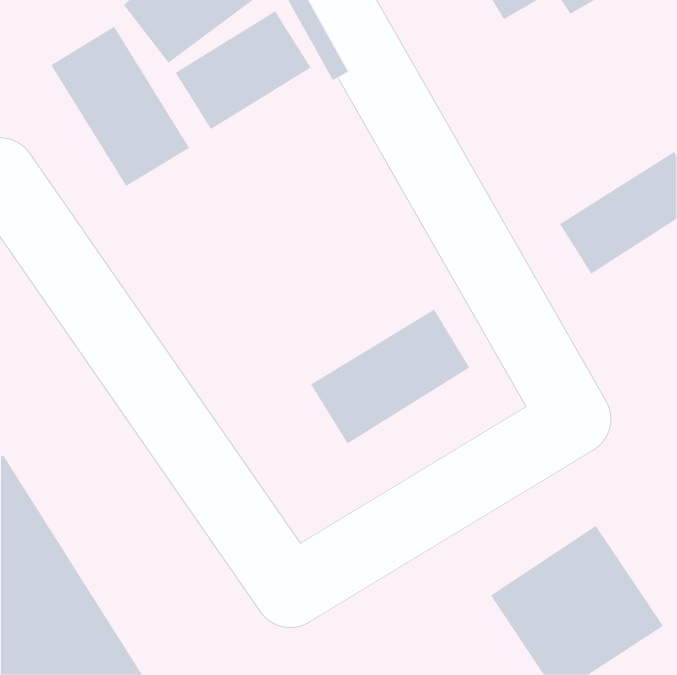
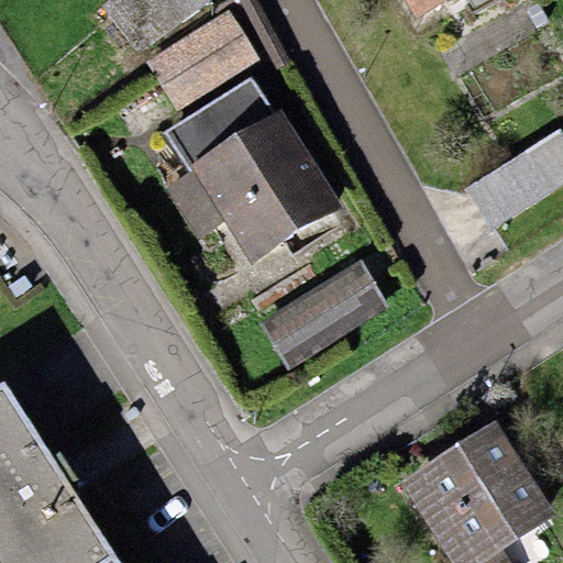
building: [51,26,190,187] -> none
building: none -> [165,76,344,265]

